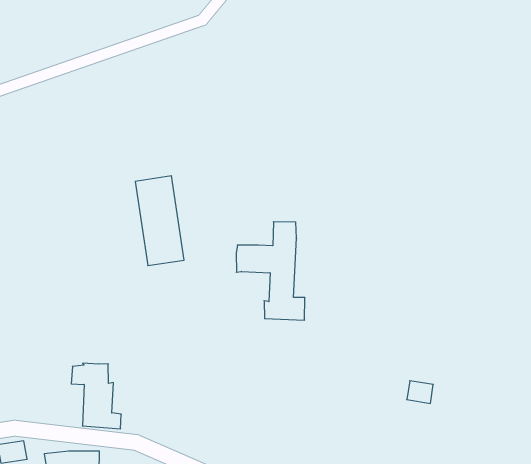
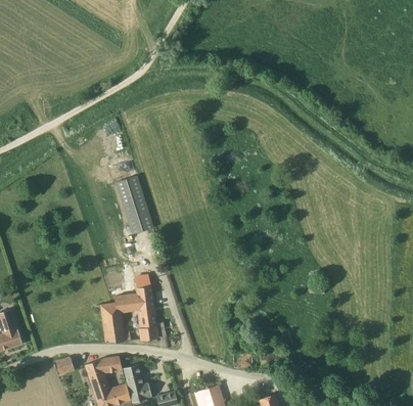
building: [236,222,305,320] -> [117,275,167,340]

